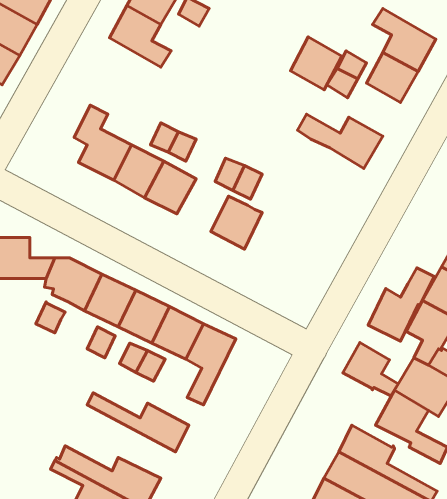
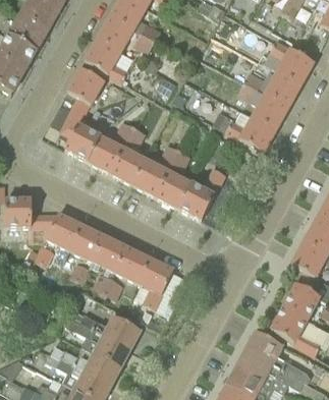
building: [290,37,342,90] -> [252,93,287,129]
building: none -> [67,67,104,114]
building: none -> [132,159,168,195]
building: [368,268,434,341] -> [179,168,225,219]
building: [343,343,398,396] -> none
building: none -> [61,316,131,366]

